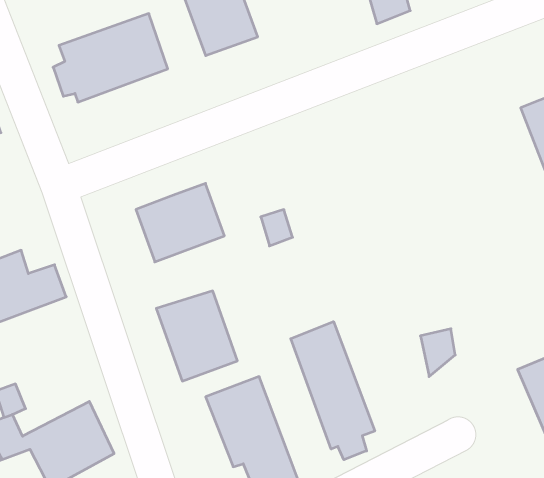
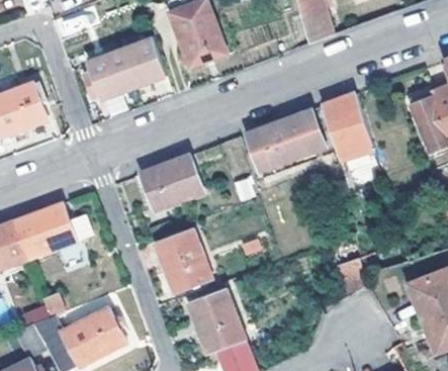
building: none -> [320,93,372,160]
building: none -> [246,108,326,171]
building: [291,322,375,460] -> none

